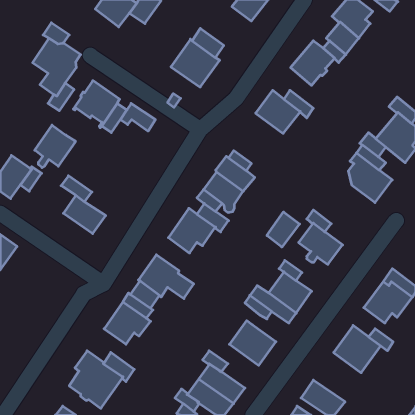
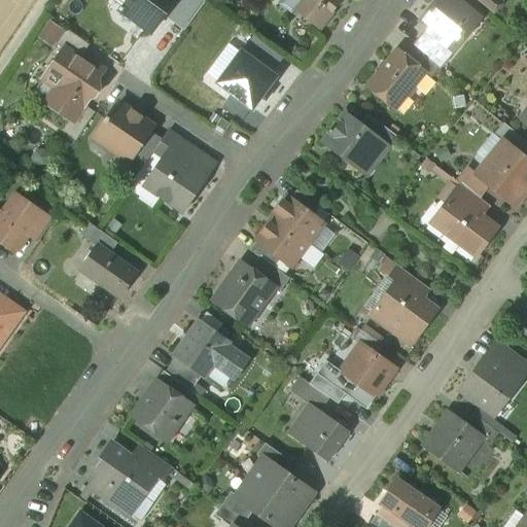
building: none -> [144,151,201,211]
building: [35,125,75,168] -> none
building: [267,212,300,247] -> none
building: none -> [290,377,329,411]

